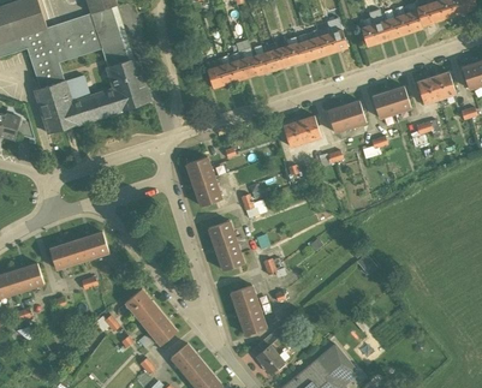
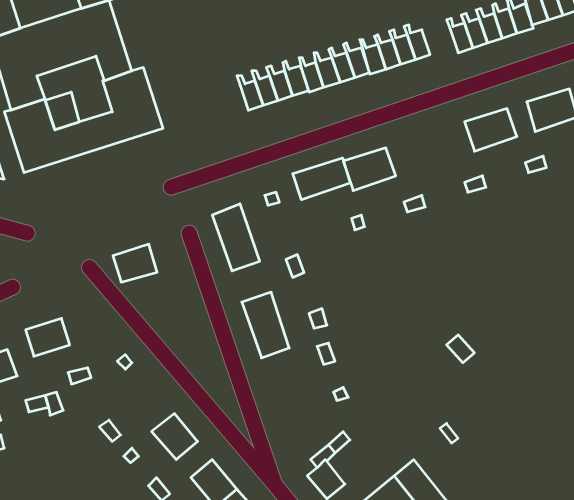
building: [327,102,365,133] -> none
building: none -> [293,158,350,200]
building: [76,233,108,261] -> [113,244,157,282]
building: [231,286,266,335] -> none
building: [125,289,159,324] -> none

